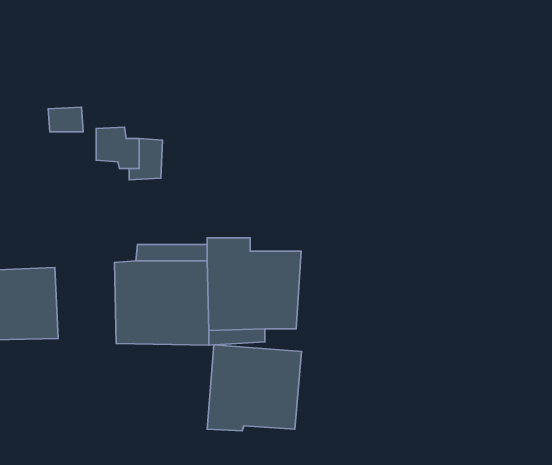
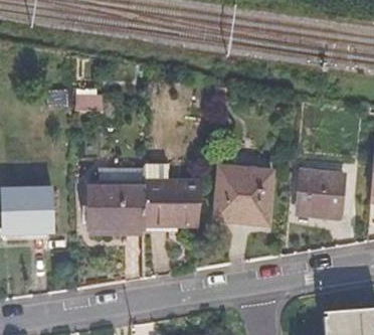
building: none -> [296,173,340,213]
building: [207,345,302,431] -> [212,173,269,225]

